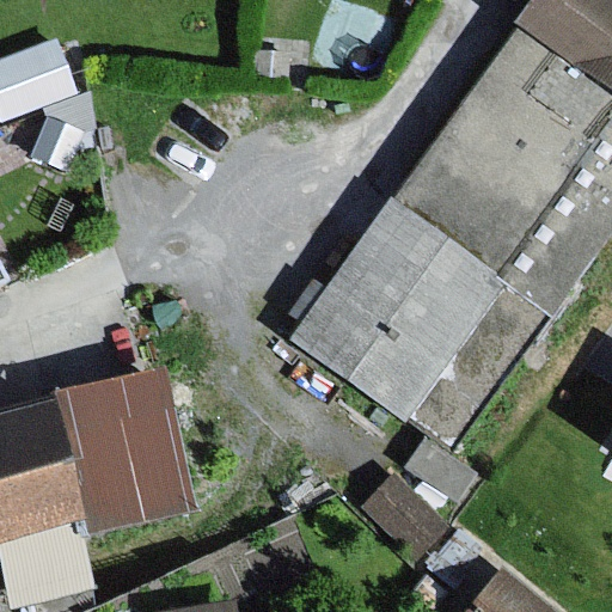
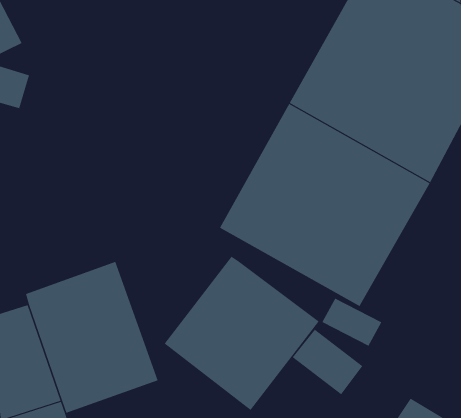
building: none -> [164,256,319,411]

